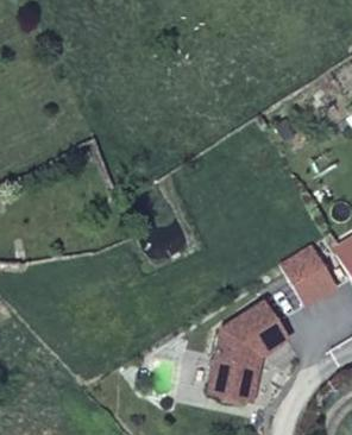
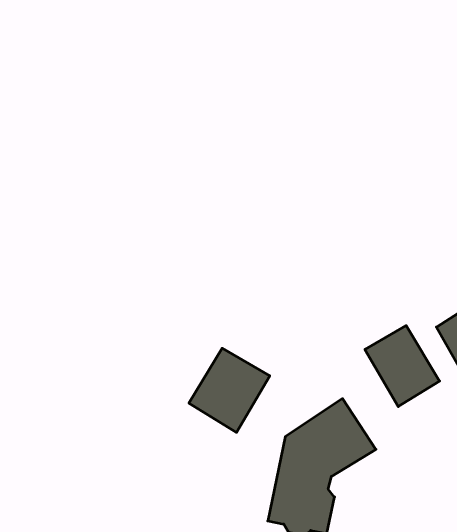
building: none -> [189,348,270,432]

